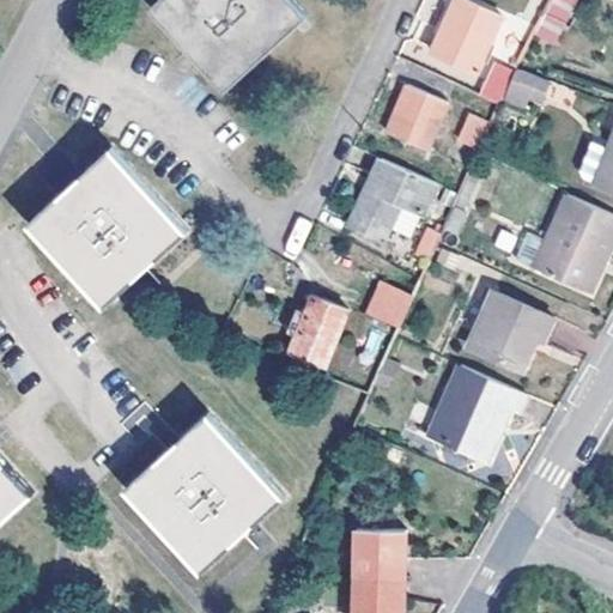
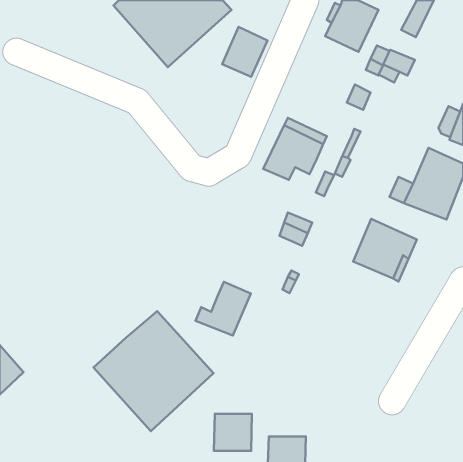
building: [386,84,445,150] -> [222,27,267,77]
building: [30,150,187,308] -> none
building: [273,296,346,366] -> [196,282,251,335]
building: [426,366,523,460] -> none
building: [354,529,405,578] -> [214,414,252,451]

